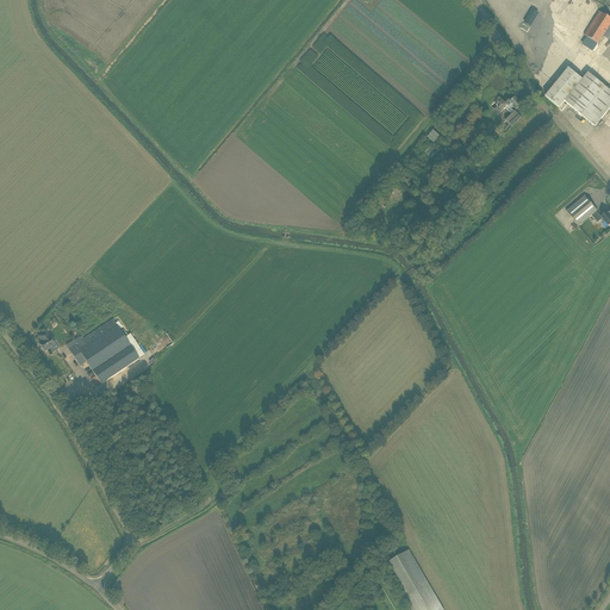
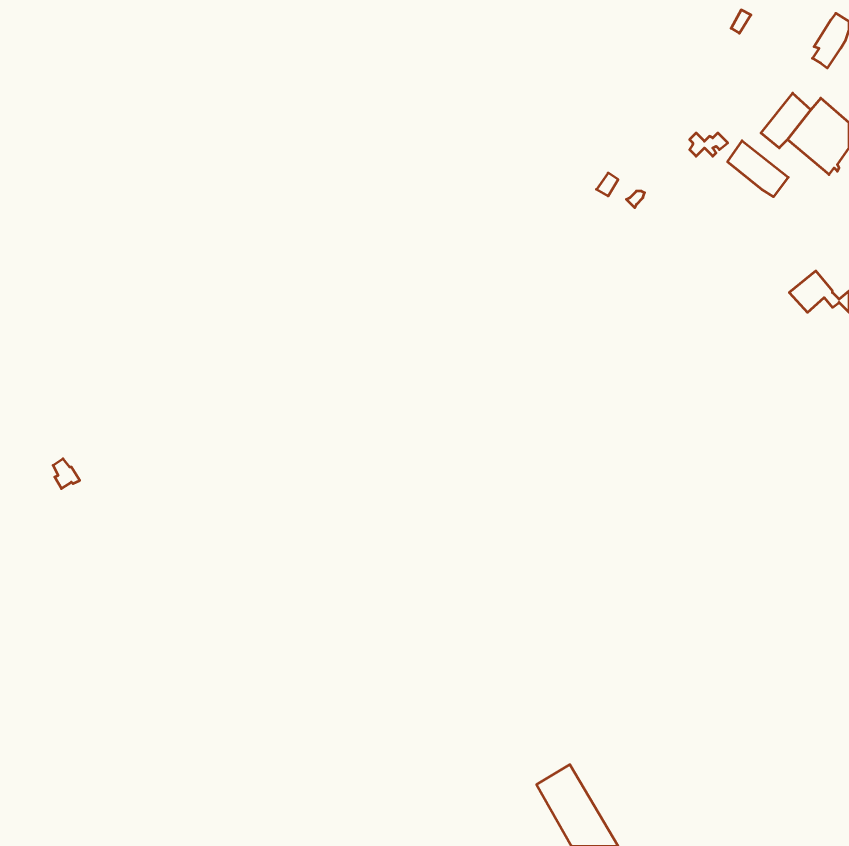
building: none -> [728,141,788,197]
building: [66,317,144,382] -> none

